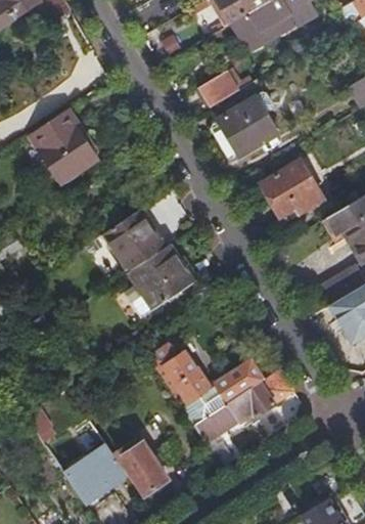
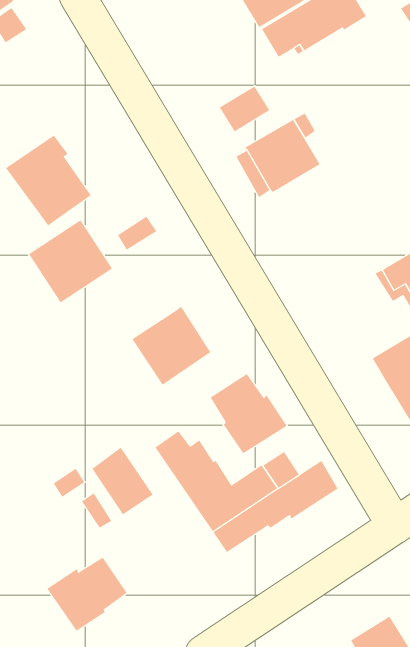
building: [261,159,324,216] -> none
building: [97,210,165,276] -> [28,220,113,303]
building: none -> [210,373,287,454]
building: [119,441,168,495] -> [92,447,153,515]

